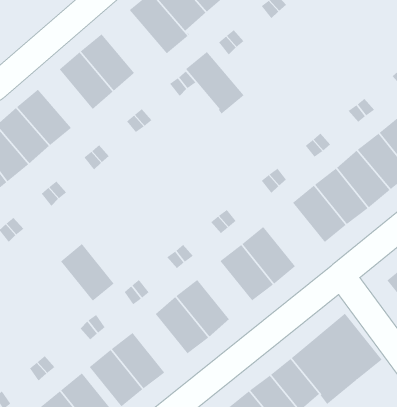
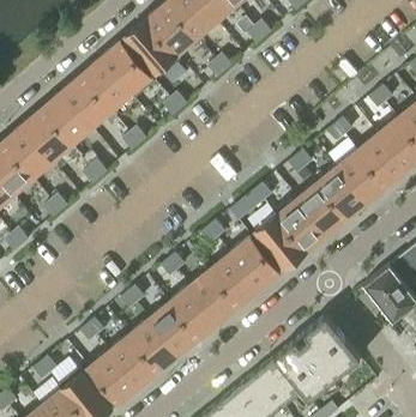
building: [185,51,245,114] -> [100,42,155,101]
building: none -> [41,92,91,146]
building: none -> [255,216,306,270]
building: [60,243,115,301] -> [128,319,179,373]
building: none -> [188,270,239,324]

